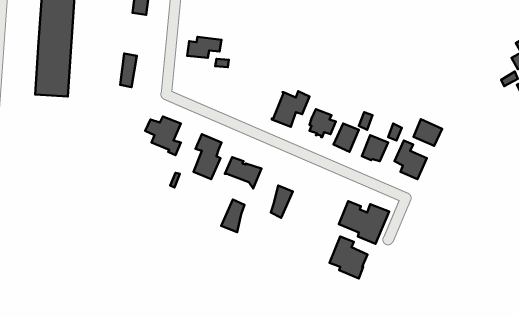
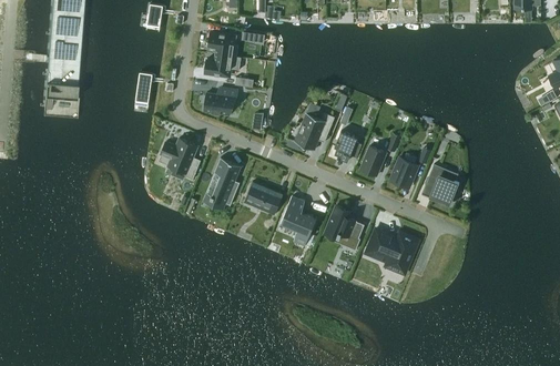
building: none -> [207,32,241,58]
building: none -> [203,88,237,115]
building: [413,119,442,146] -> none
building: [221,200,244,232] -> [279,196,304,231]
building: [330,237,367,278] -> [324,206,364,251]

